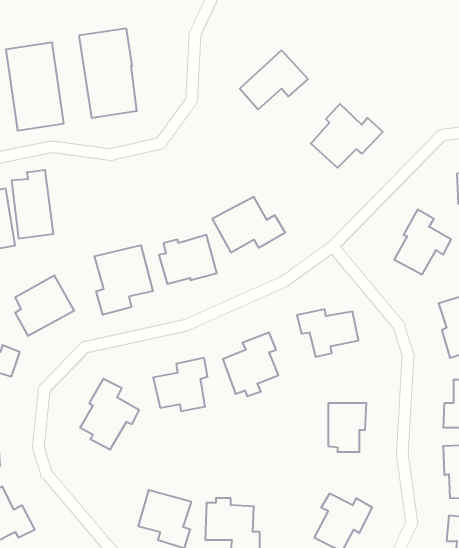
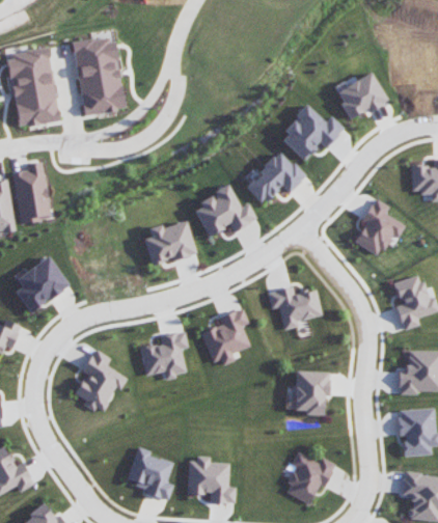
building: [240,50,308,109] -> [244,152,305,204]
building: none -> [334,73,386,119]
building: [94,245,153,315] -> none

